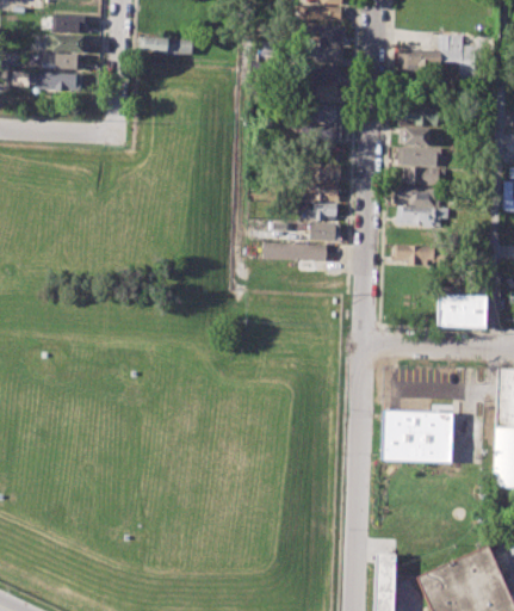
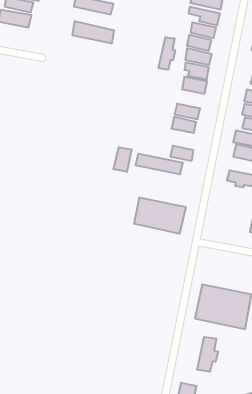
building: none -> [73,21,114,44]
building: none -> [158,37,175,70]
building: [302,203,337,221] -> none
building: none -> [113,147,131,172]
building: none -> [134,197,186,234]
building: none -> [197,337,218,372]

